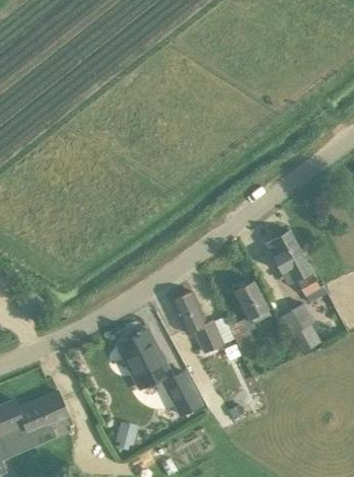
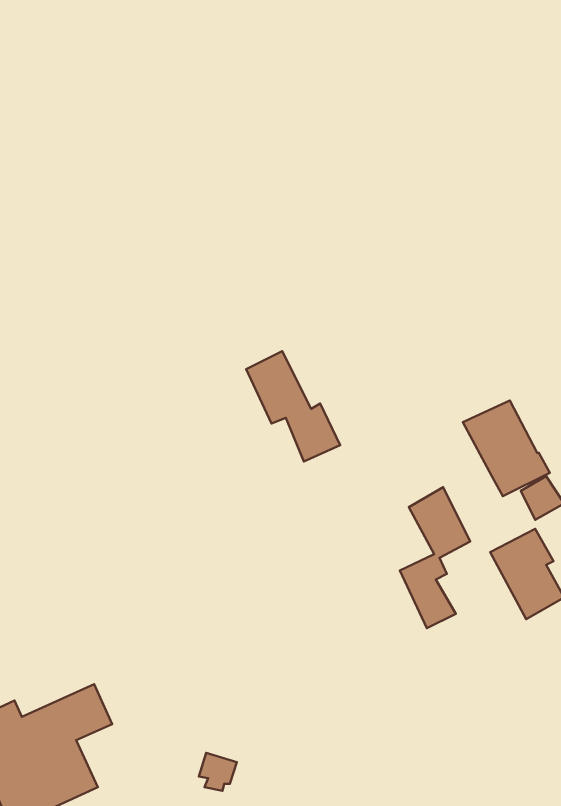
building: [170,291,223,353] -> [246,351,340,461]
building: [118,330,169,387] -> none
building: [161,368,203,417] -> none

